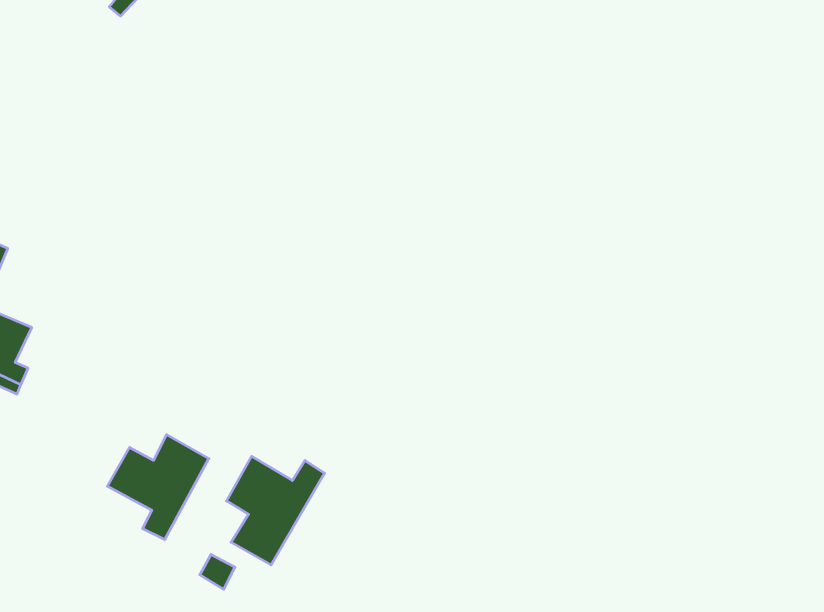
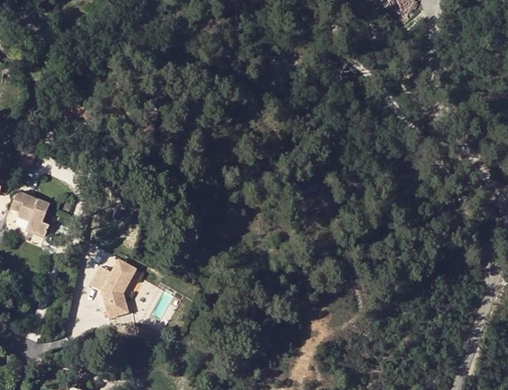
building: [226,456,325,565] -> none

